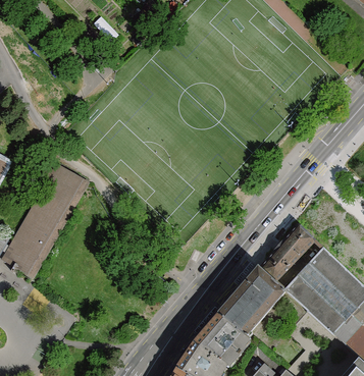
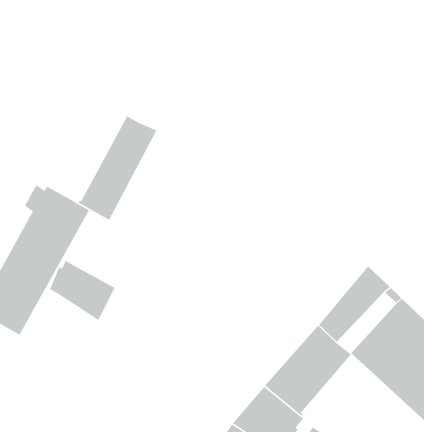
building: none -> [77,115,157,221]
building: none -> [49,260,116,321]

